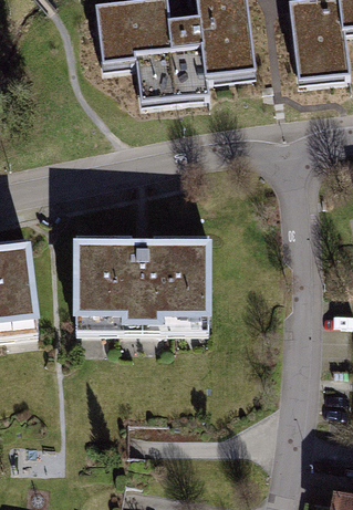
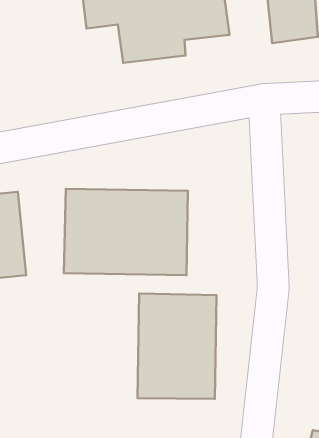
building: none -> [137,293,217,399]

